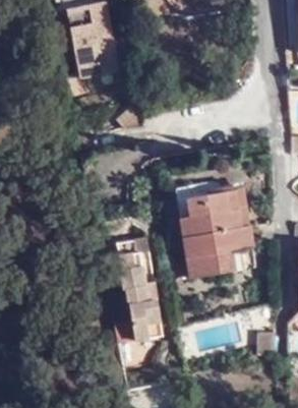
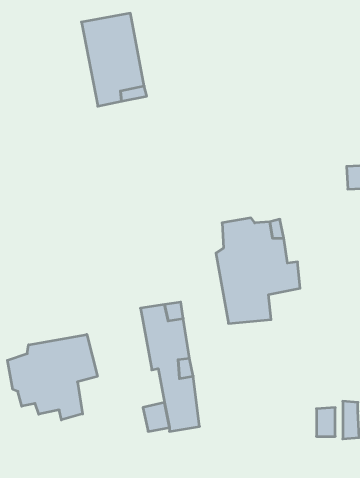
building: none -> [7,334,97,420]

